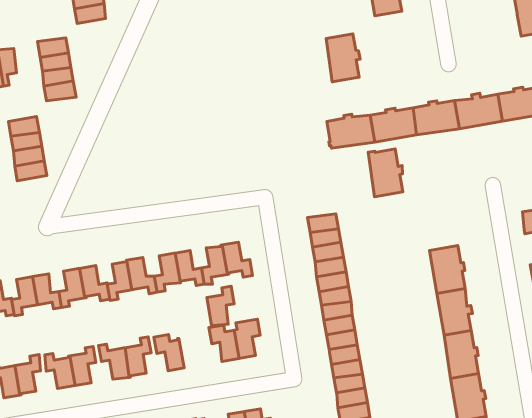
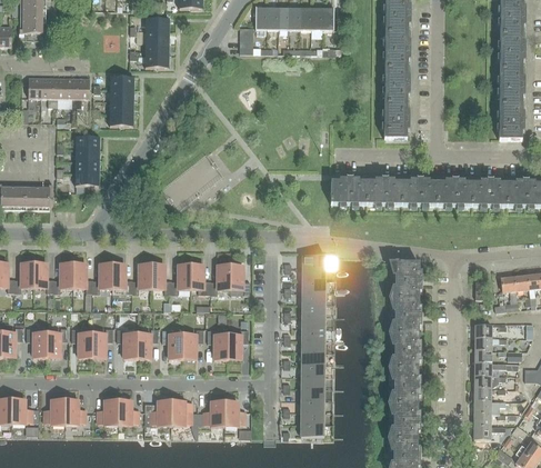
building: [326,34,360,82] -> [383,101,409,137]
building: [368,149,403,197] -> [395,260,422,297]
building: [207,286,234,327] -> [182,327,203,357]

